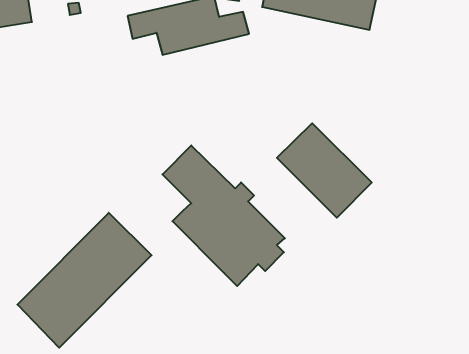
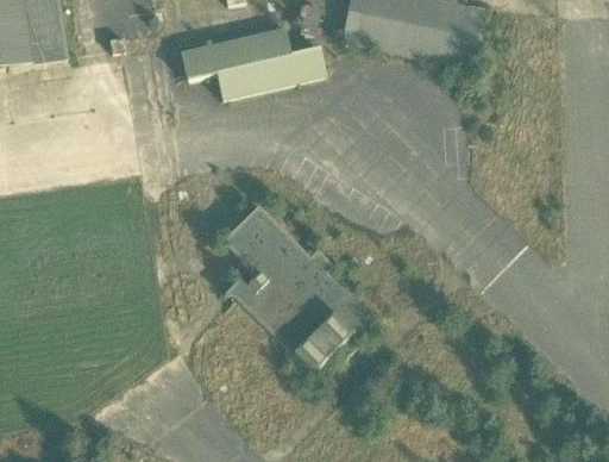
building: [277,123,372,218] -> none
building: [17,213,152,348] -> none

